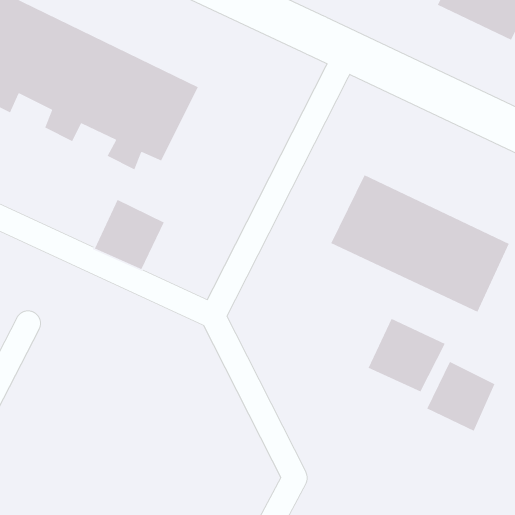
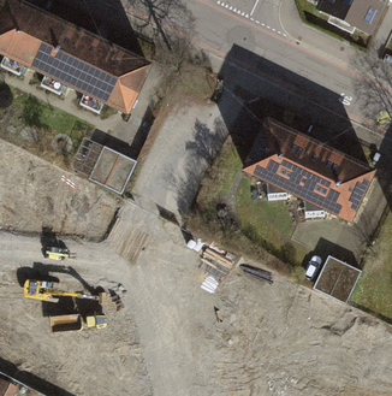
building: [367,318,446,392] -> none

